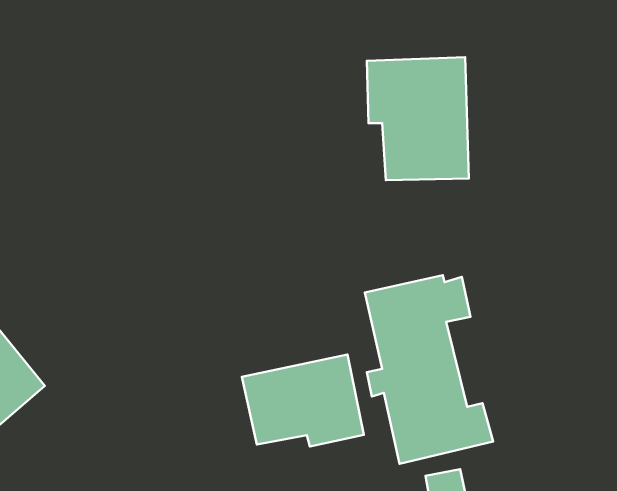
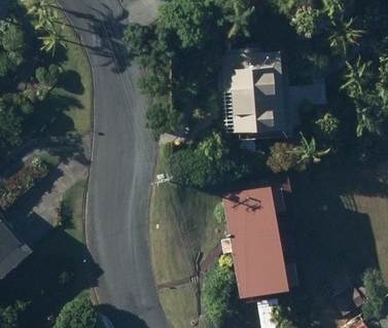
building: [242,354,364,446] -> none

